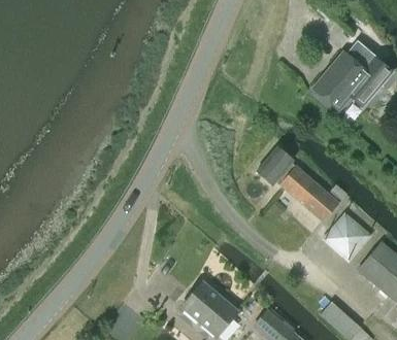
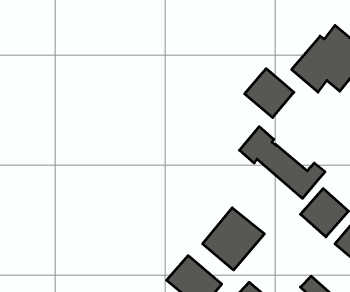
building: none -> [245,69,294,118]
building: none -> [203,208,264,270]

